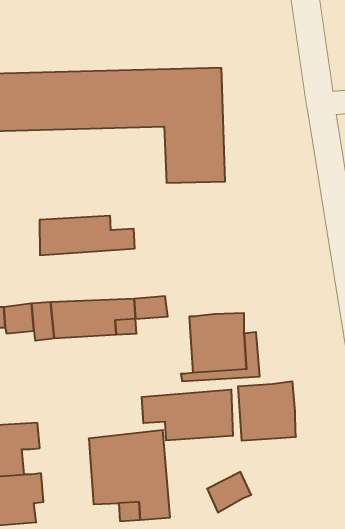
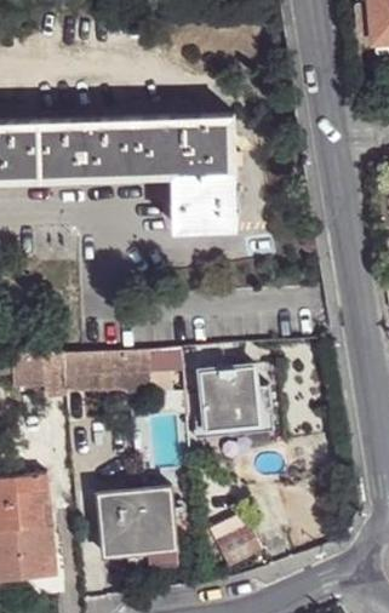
building: [40,216,134,255] -> none
building: [238,381,296,441] -> none
building: [142,389,233,440] -> none

